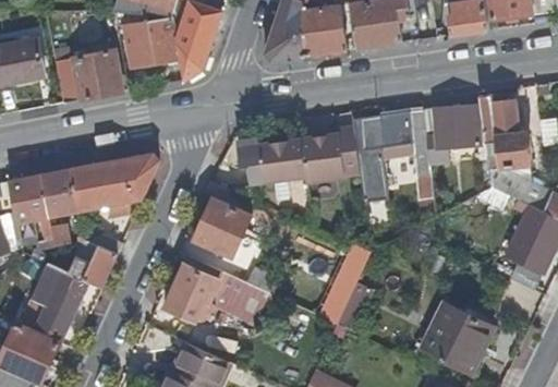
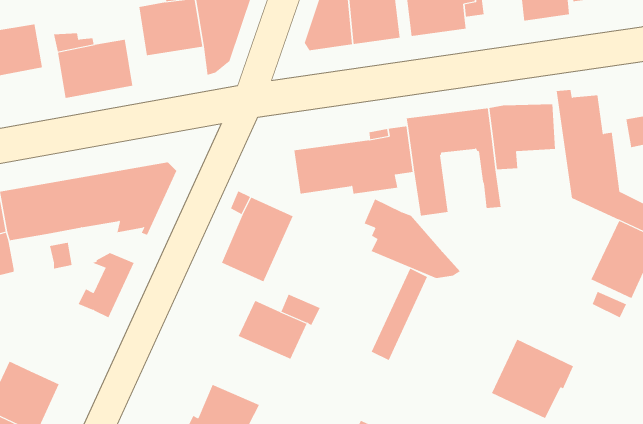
building: none -> [364,198,461,279]
building: [163,256,222,322] -> none
building: [34,264,86,342] -> none

